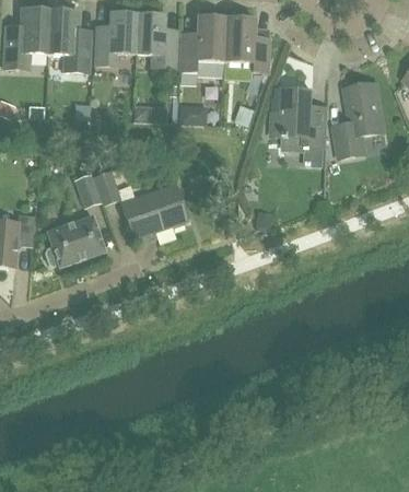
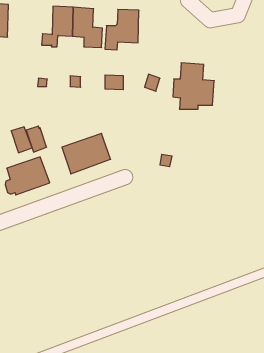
building: [47,9,89,71] -> none
building: [223,16,268,71] -> none
building: [334,82,384,156] -> none
building: [91,169,119,204] -> [11,127,32,153]

